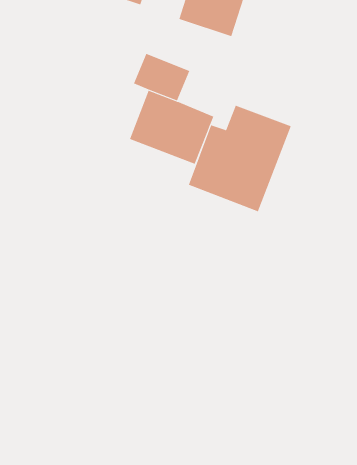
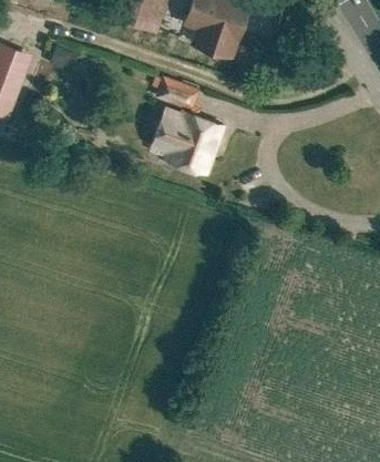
building: [188,105,292,212] -> none

